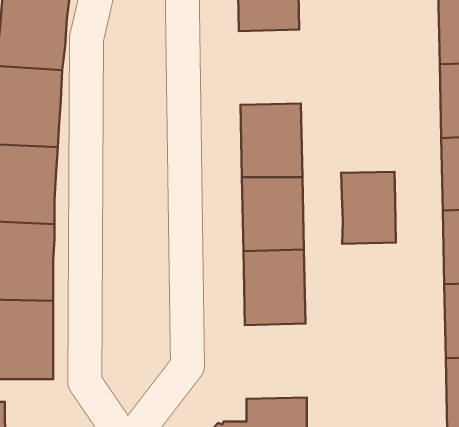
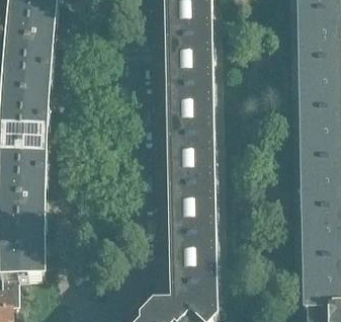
building: none -> [167,37,208,88]
building: [341,172,396,244] -> none
building: none -> [171,235,212,286]

